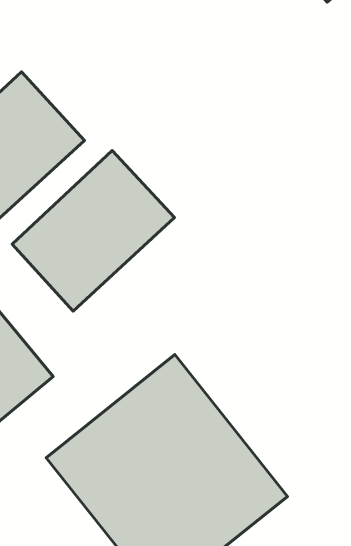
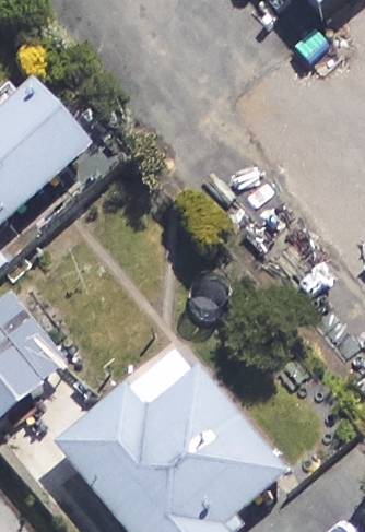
building: [12,151,174,311] -> none

